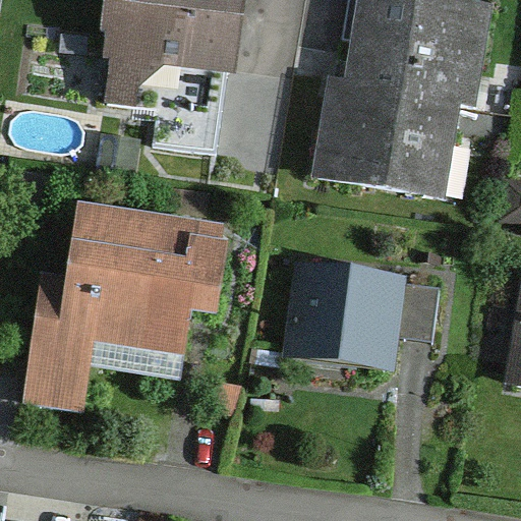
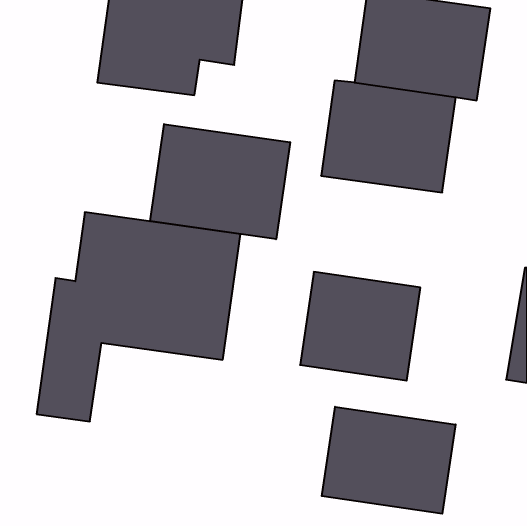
building: none -> [150,124,290,239]
building: none -> [322,407,456,514]

